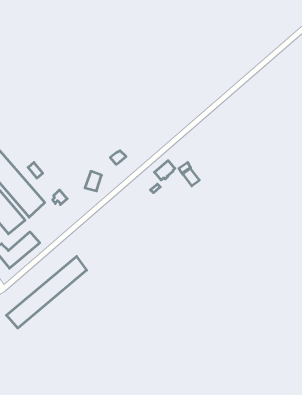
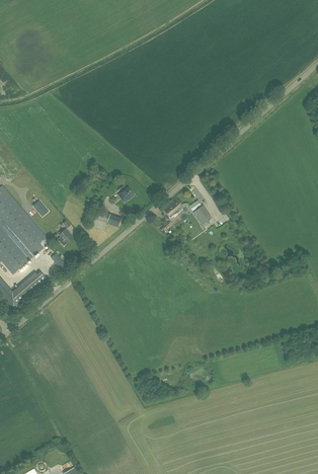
building: [6,256,87,328] -> none

